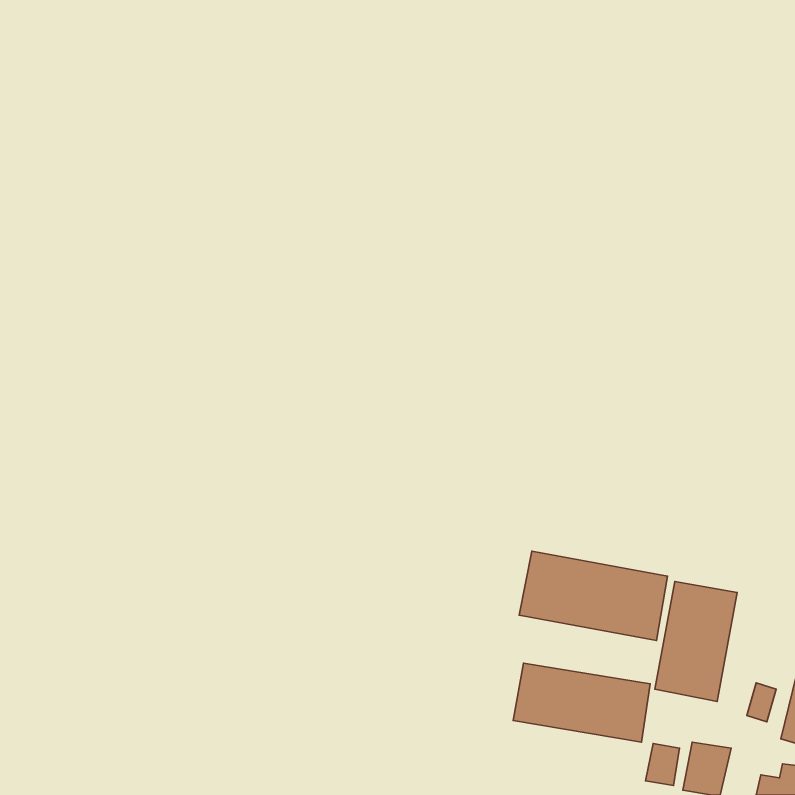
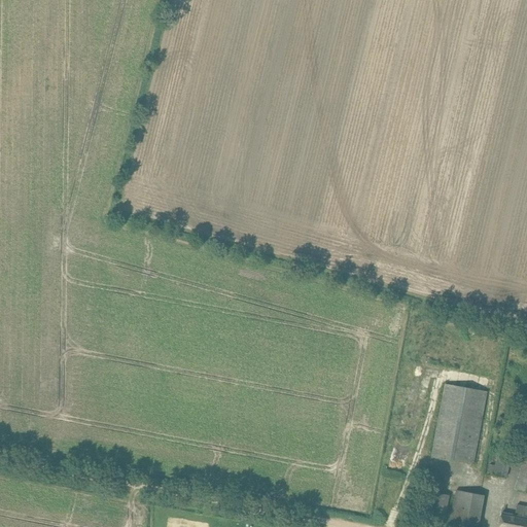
building: [519,551,668,641] -> none
building: [513,663,650,742] -> none

